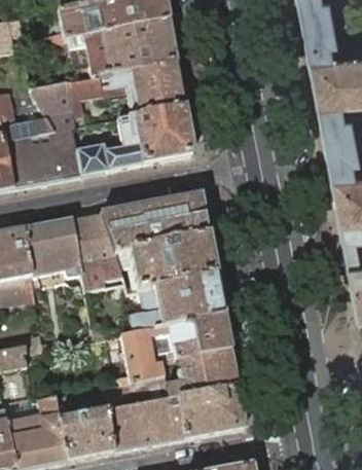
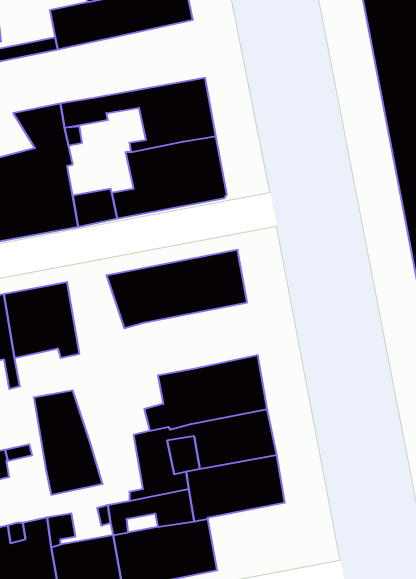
building: [68,17,176,77] -> none
building: [71,212,123,291] -> [34,391,103,495]
building: [129,232,216,289] -> none
building: [178,385,245,436] -> none

